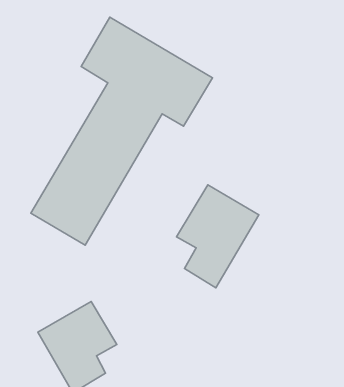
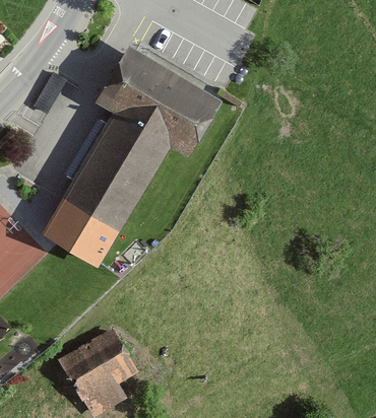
building: [176,185,259,288] -> none

